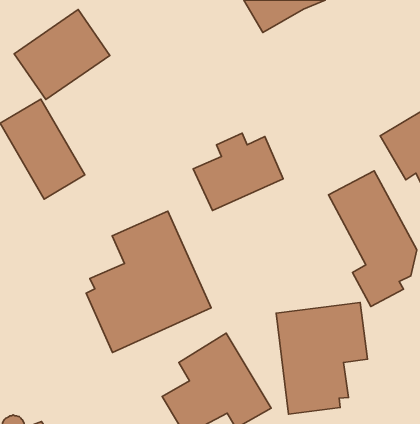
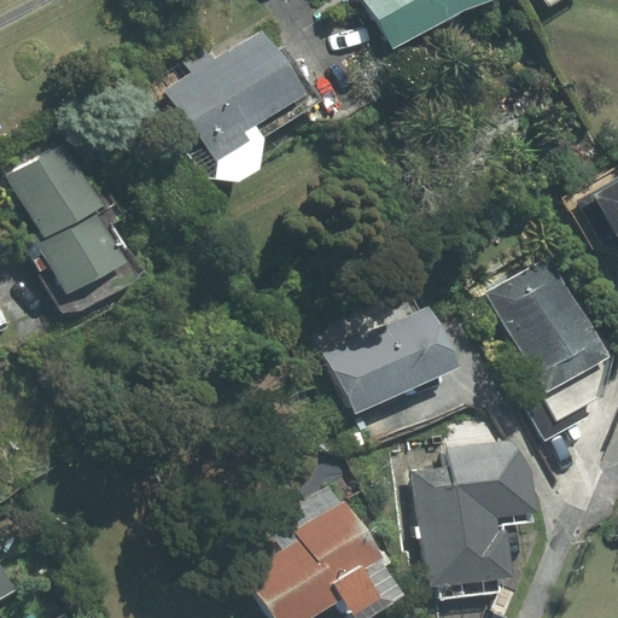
building: [14,10,110,100] -> [171,29,310,159]
building: [193,133,283,211] -> [328,303,459,415]
building: [86,211,211,353] -> none

